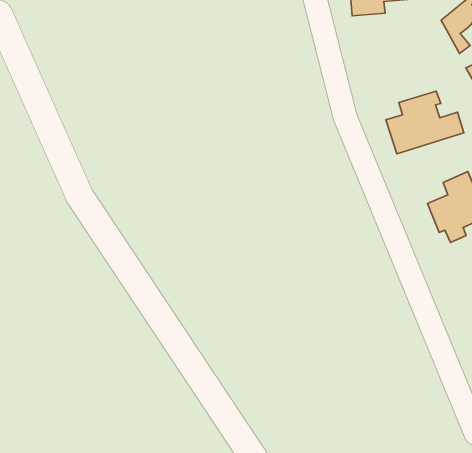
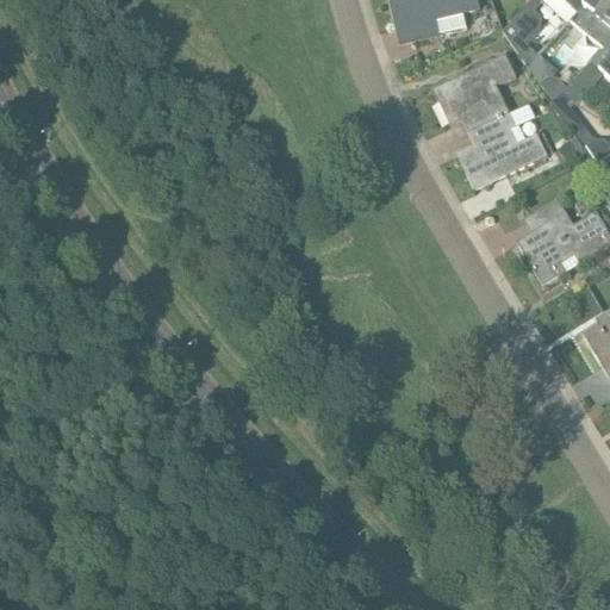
building: none -> [434,52,517,131]

